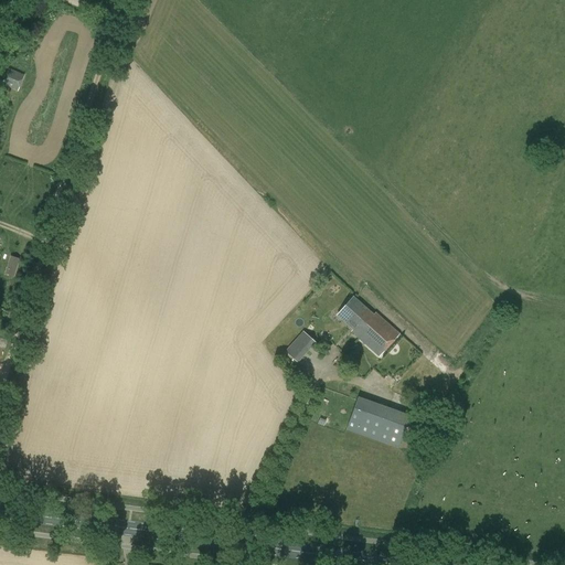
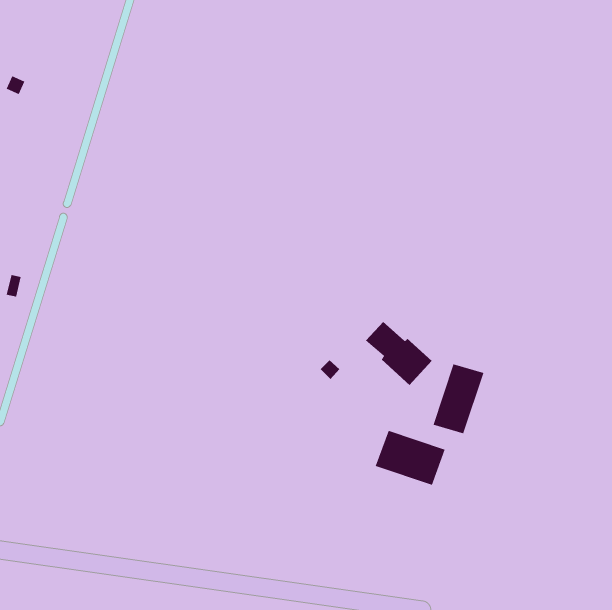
building: none -> [433,363,484,434]

